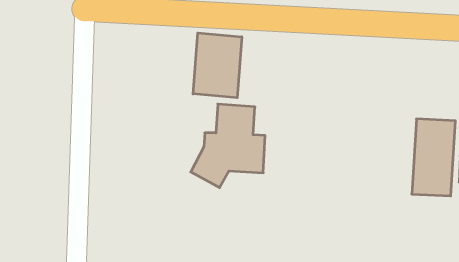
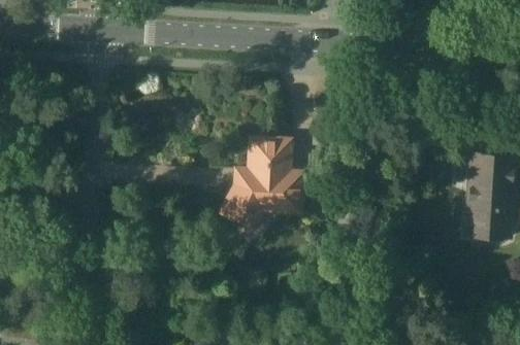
building: [193,33,242,98] -> none

